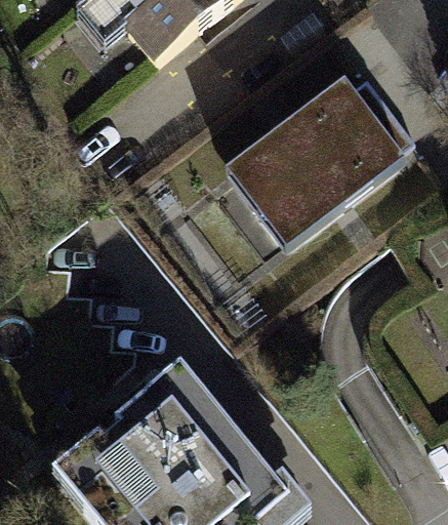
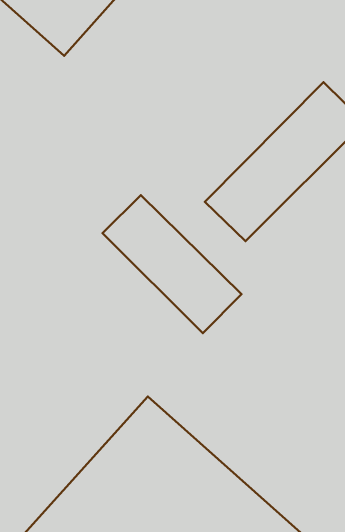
building: [227,76,376,204] -> none
building: none -> [102,195,242,333]

